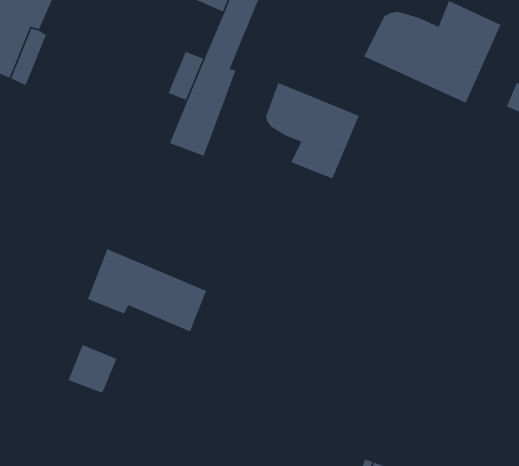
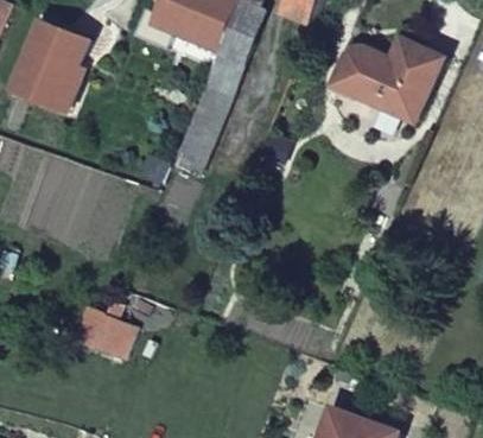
building: [265,82,360,179] -> none
building: [87,248,207,332] -> none

